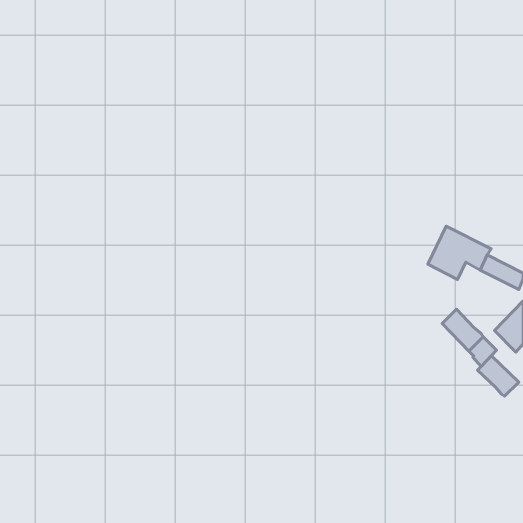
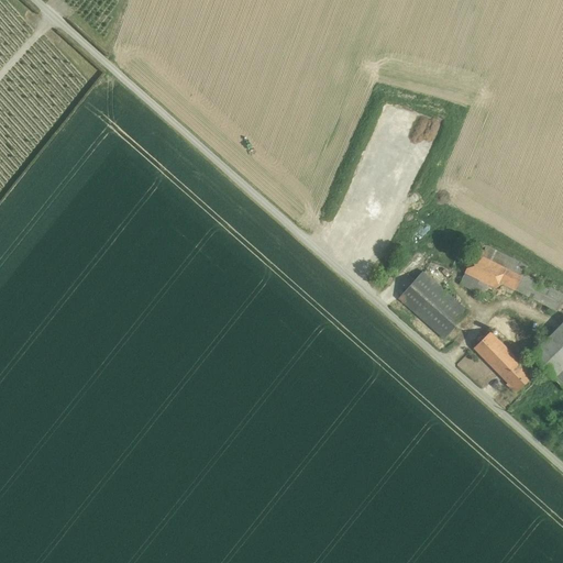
building: none -> [399,272,468,339]
building: [477,356,519,396] -> none

